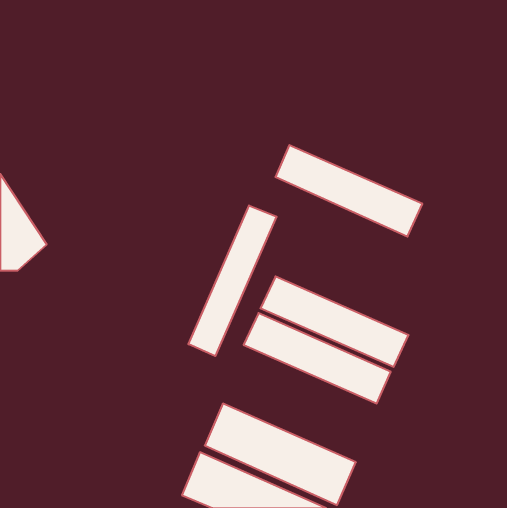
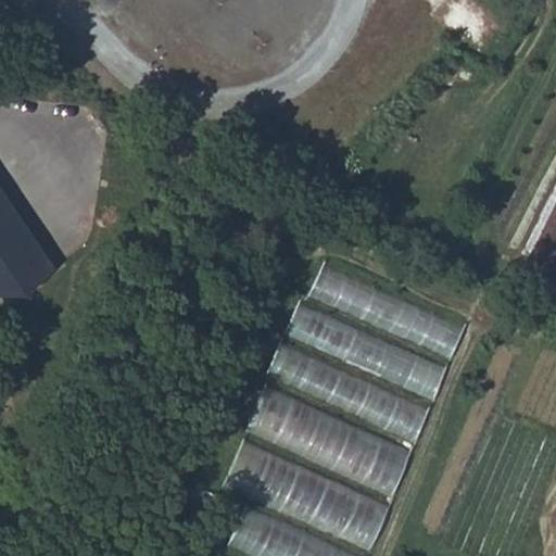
building: [275,145,422,237] -> [305,262,466,362]
building: [188,205,277,356] -> none
building: none -> [244,388,410,498]

